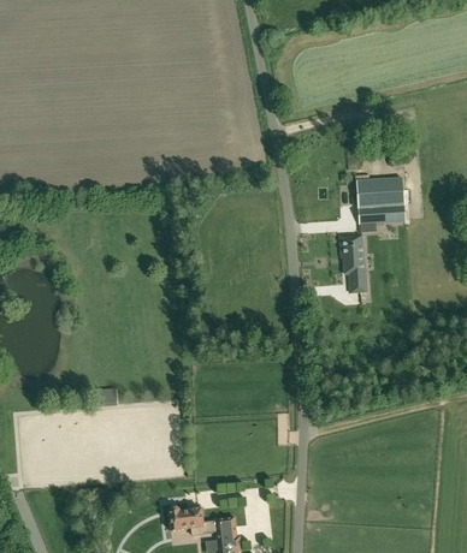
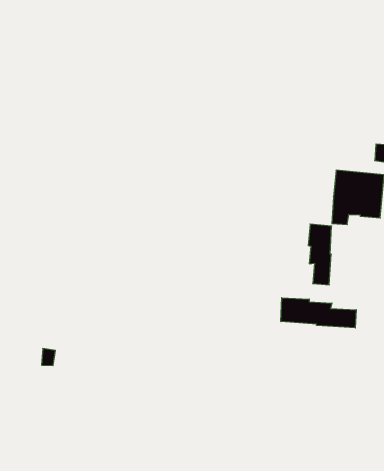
building: none -> [281,298,356,328]

